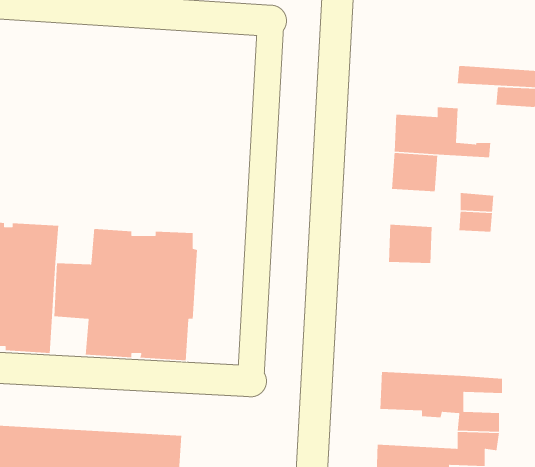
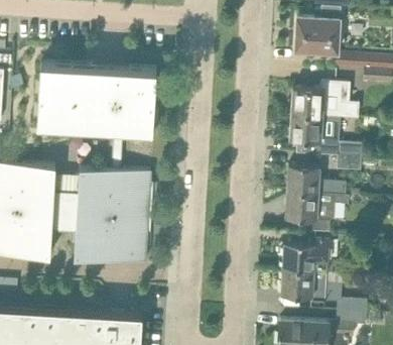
building: none -> [294,13,340,54]
building: none -> [37,65,156,175]
building: none -> [285,194,343,222]
building: none -> [282,239,340,273]

